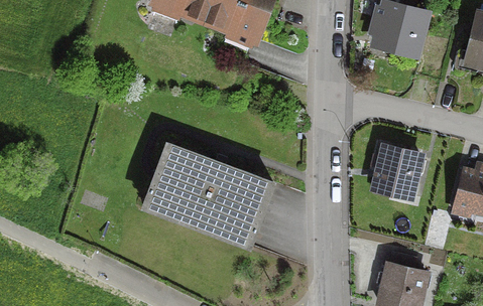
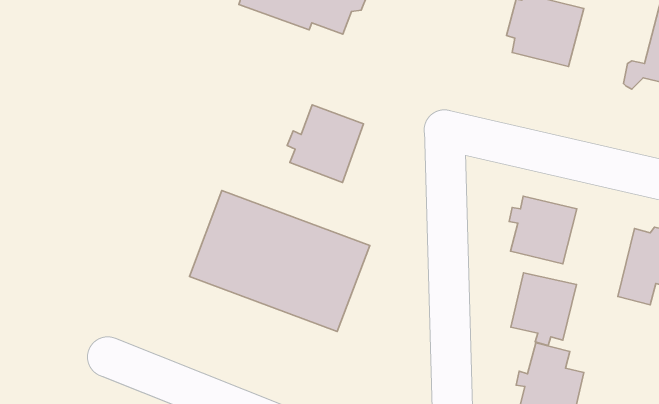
building: none -> [287,105,363,182]
building: none -> [511,273,576,345]

